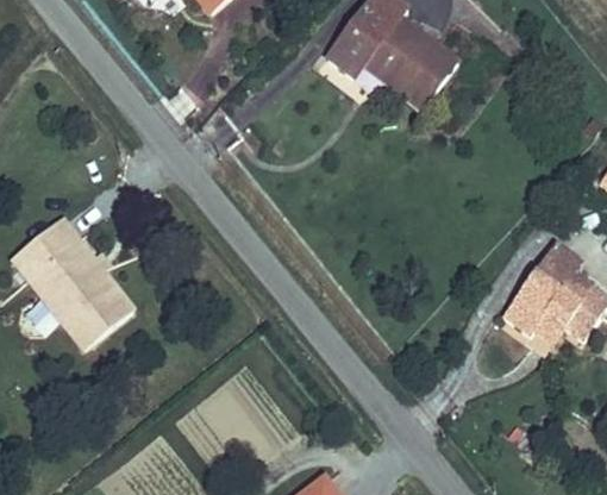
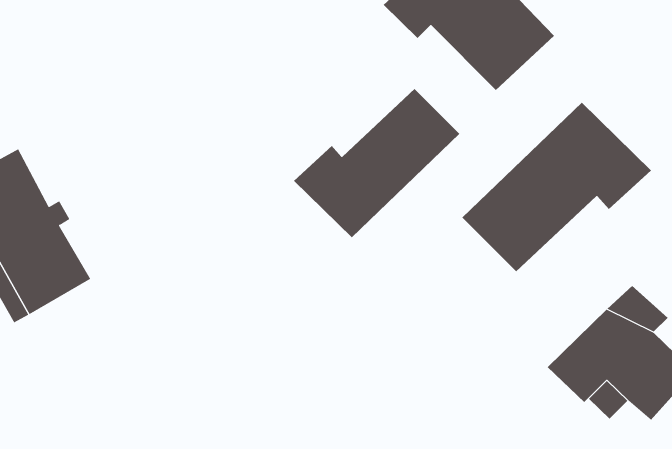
building: none -> [462,102,652,272]
building: none -> [293,88,460,238]

